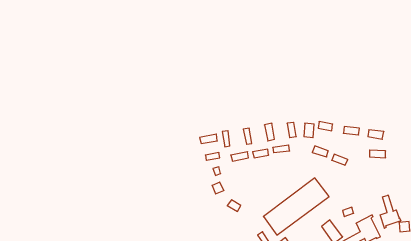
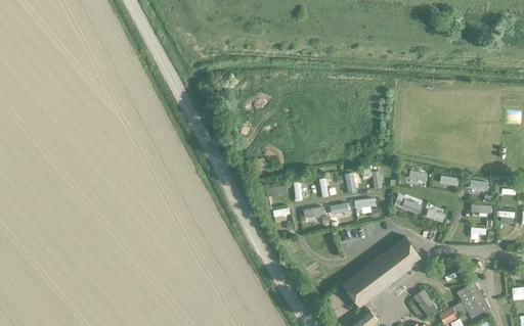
building: [380,195,401,228] -> none

